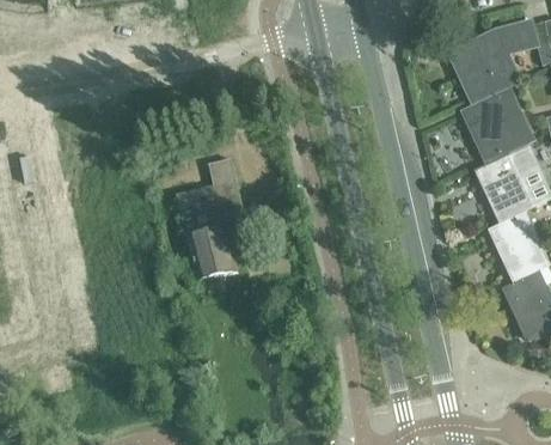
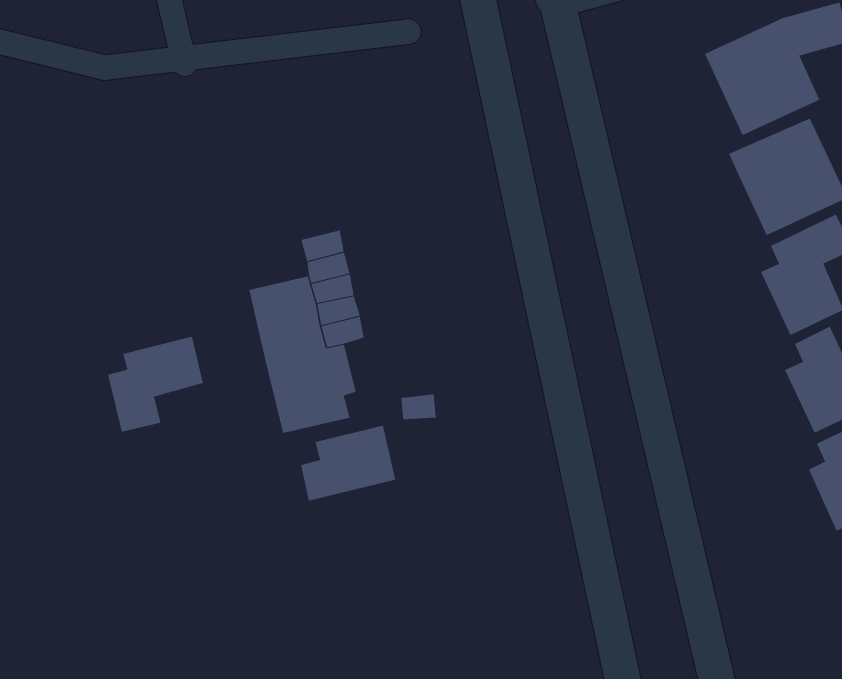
building: none -> [107,336,204,433]
building: none -> [301,425,396,502]

